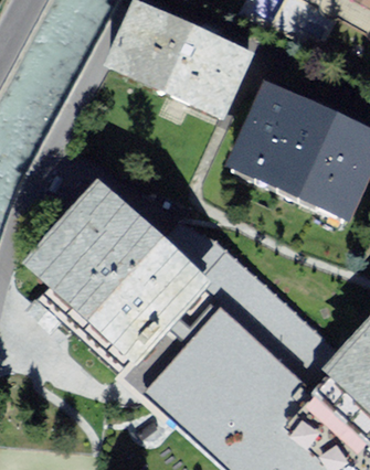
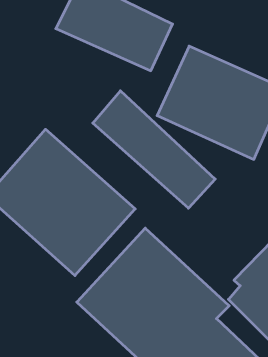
building: none -> [93,91,215,208]

